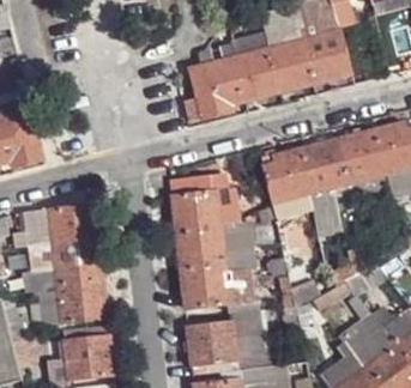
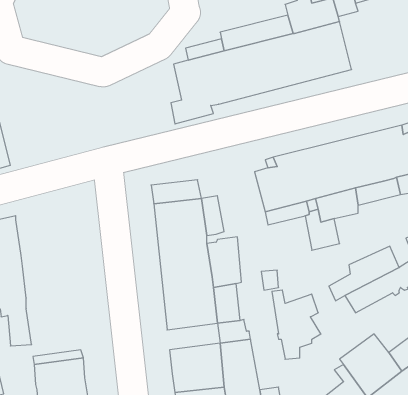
building: [47,204,105,322] -> none

